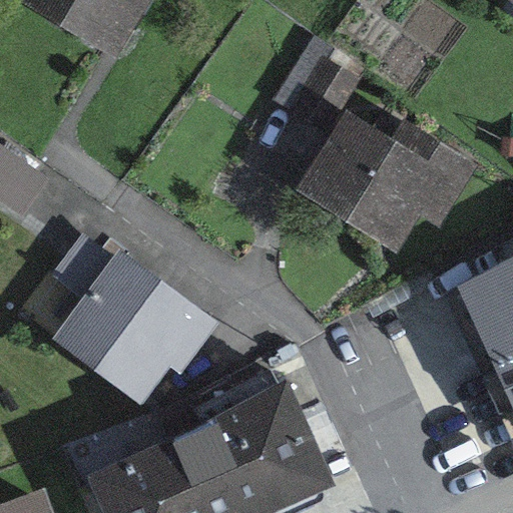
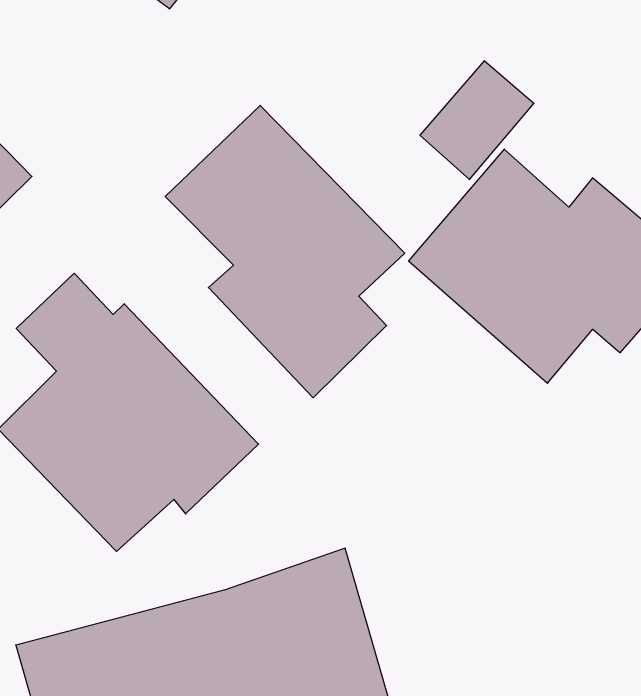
building: none -> [165,105,405,398]

